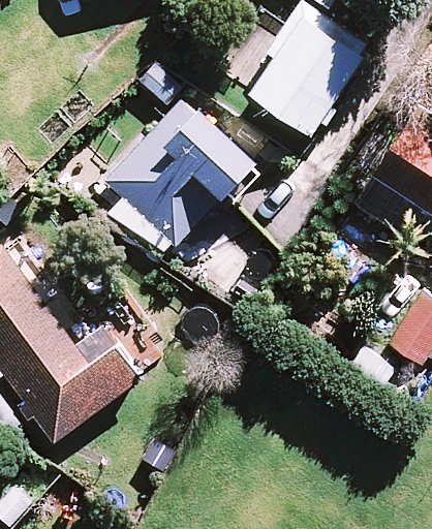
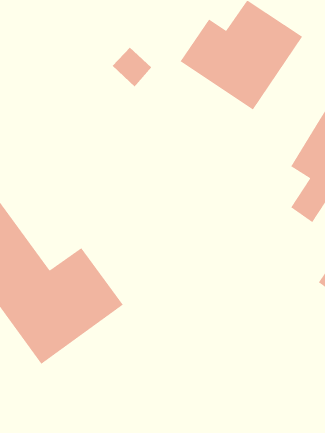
building: [103,97,259,248] -> none

